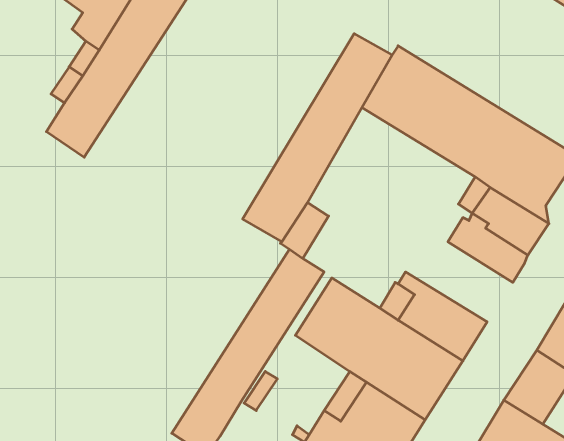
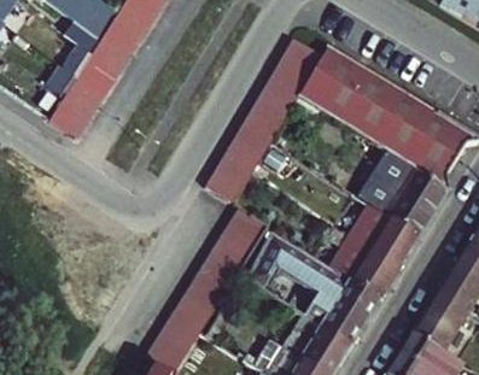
building: none -> [333,194,419,268]

